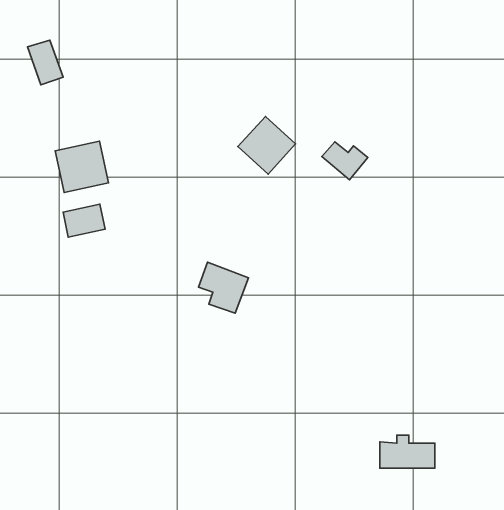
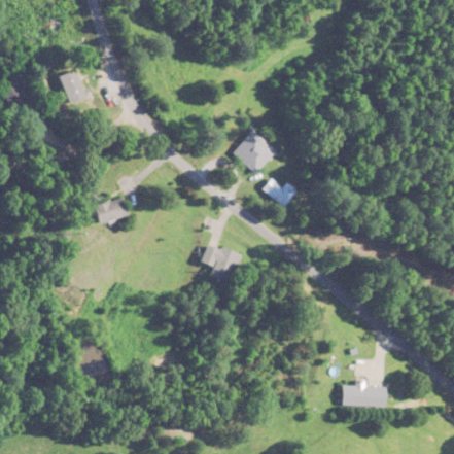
building: [55,141,108,192] -> none
building: [322,142,368,180] -> [260,179,296,209]

